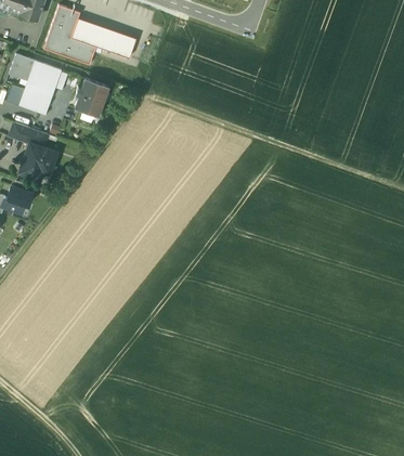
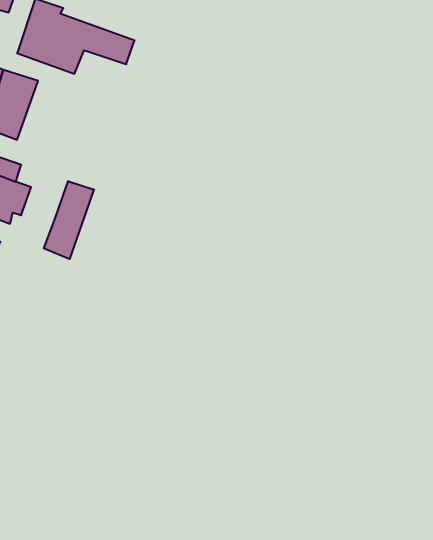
building: [74,78,107,116] -> none
building: none -> [44,181,94,259]

